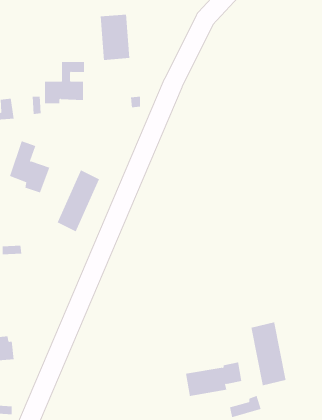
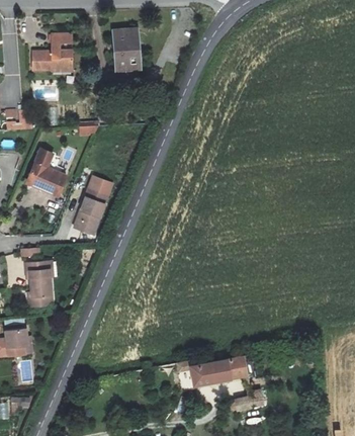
building: [44,62,85,104] -> [33,31,72,71]
building: none -> [25,260,53,306]
building: [251,322,286,386] -> none

